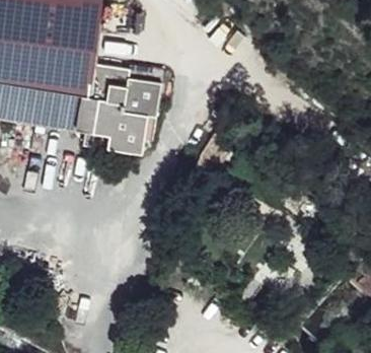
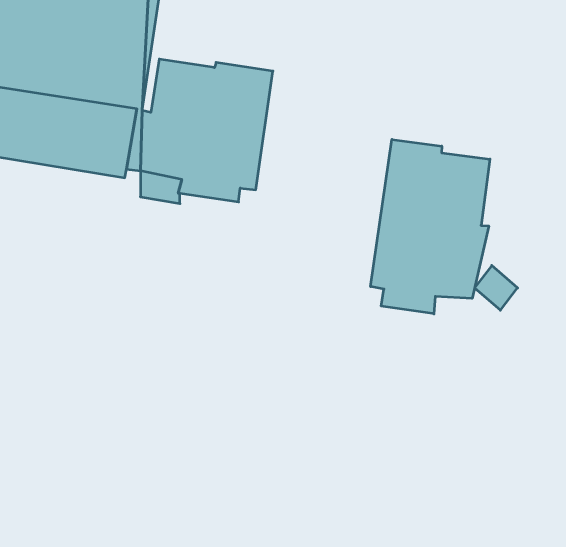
building: none -> [371,139,490,314]

